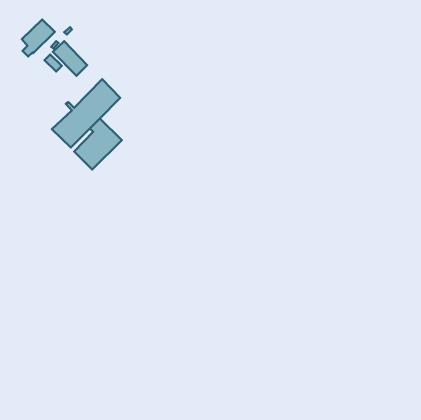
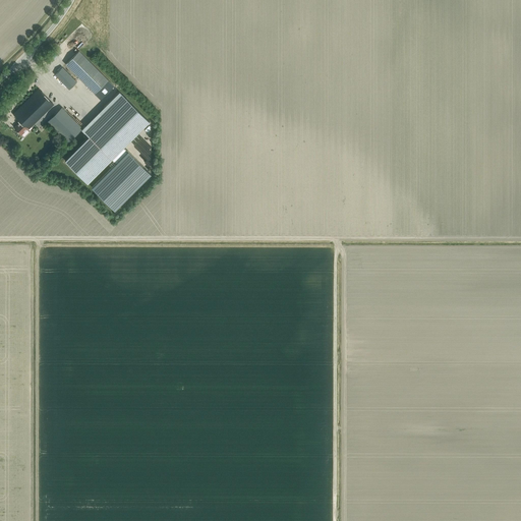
building: [22,19,55,56] -> [13,90,54,135]
building: none -> [48,109,81,142]

